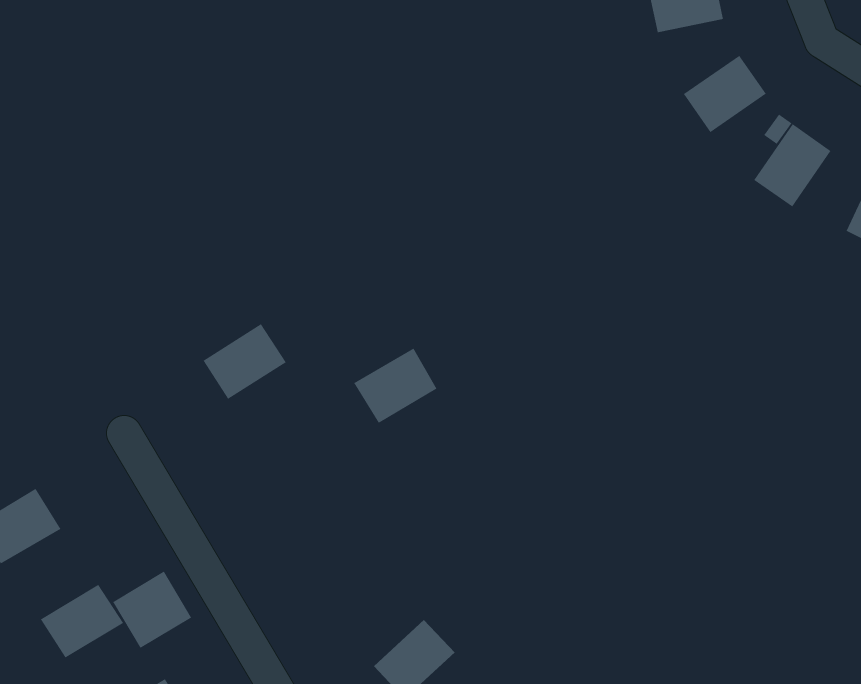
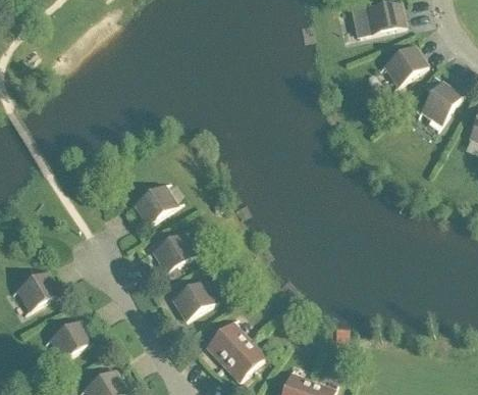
building: [353,348,437,424] -> [151,232,195,271]
building: none -> [171,280,214,319]
building: [112,570,192,649] -> none
building: none -> [205,320,248,362]

